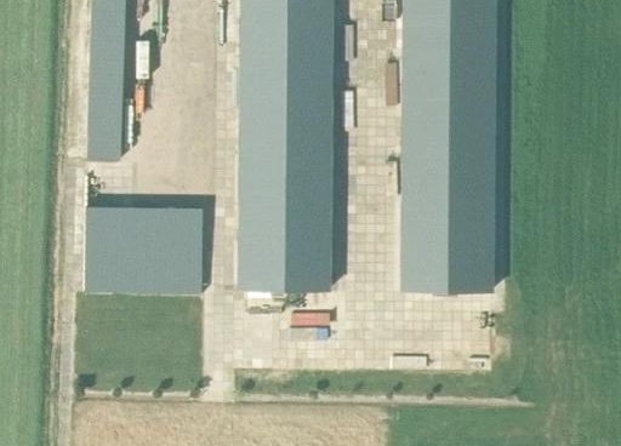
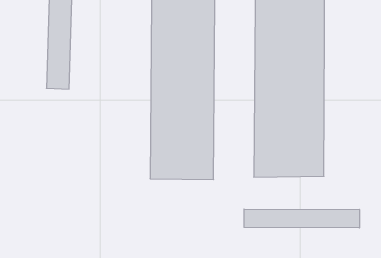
building: [96,207,213,295] -> none
building: none -> [244,209,359,228]

